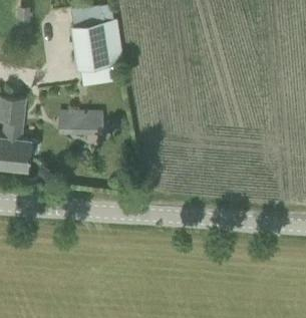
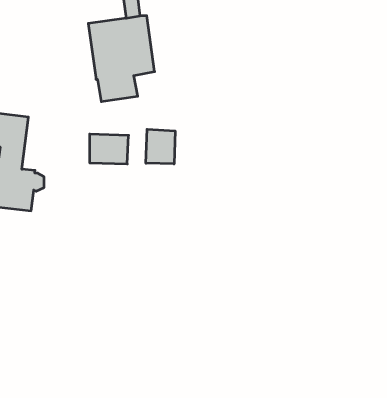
building: none -> [146,129,175,164]

